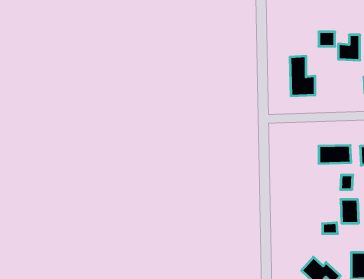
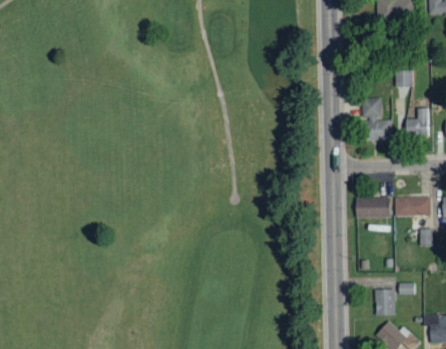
building: [338,35,360,60] -> [405,108,429,136]
building: none -> [355,197,391,218]
building: [341,200,359,223] -> [375,289,395,315]

